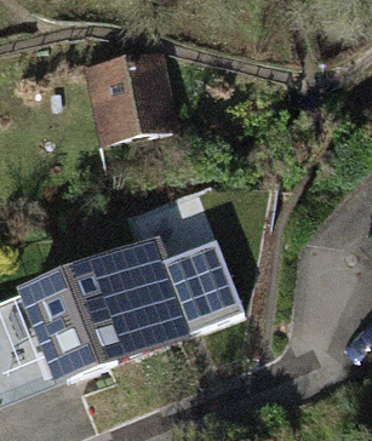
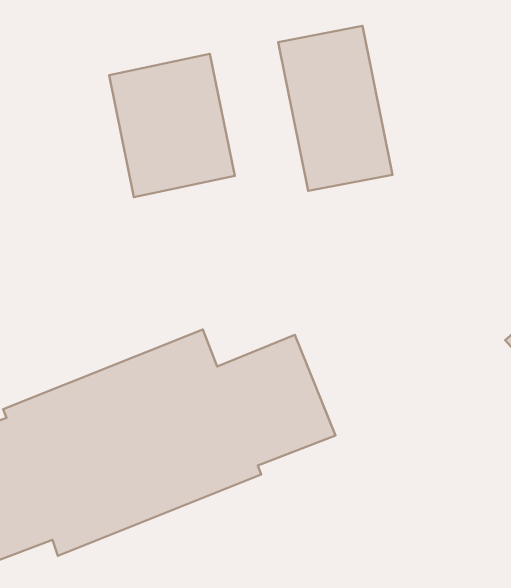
building: none -> [278,26,393,191]

